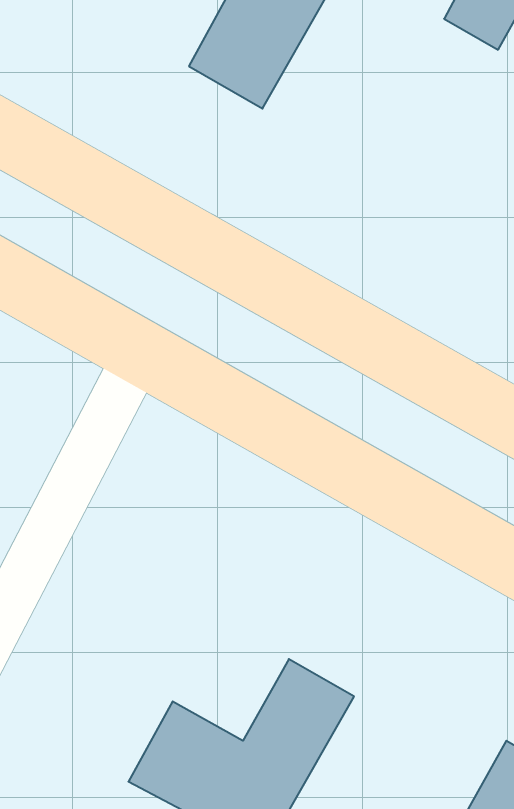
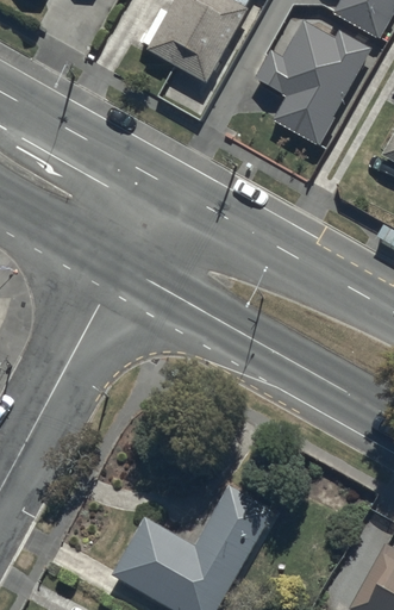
building: none -> [258,26,370,145]

